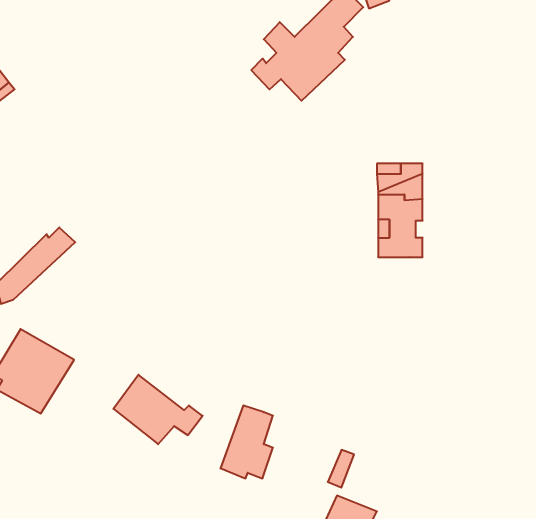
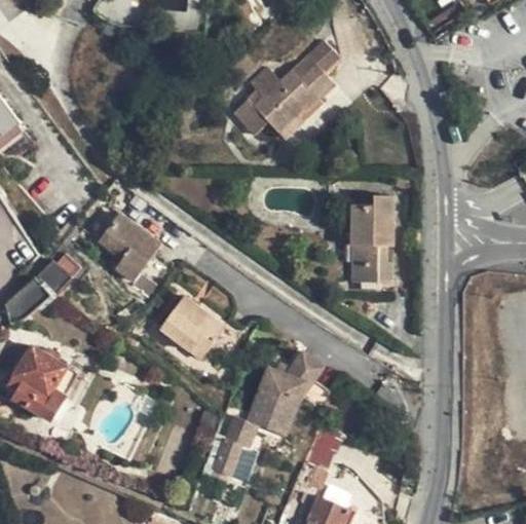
building: none -> [100,217,175,298]
building: none -> [248,350,323,435]
building: [113,375,203,444] -> [161,299,241,362]

